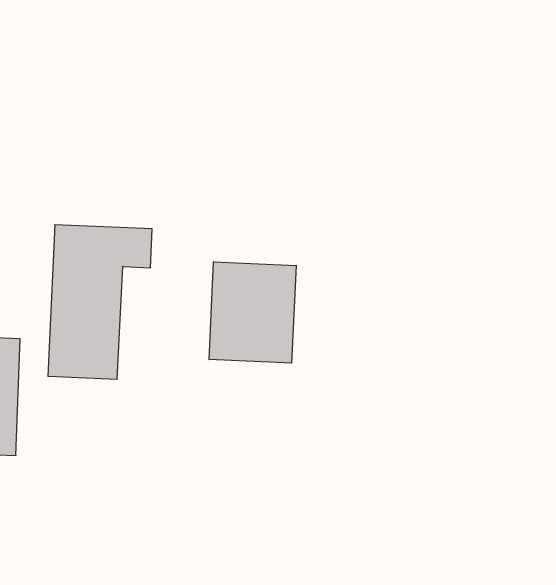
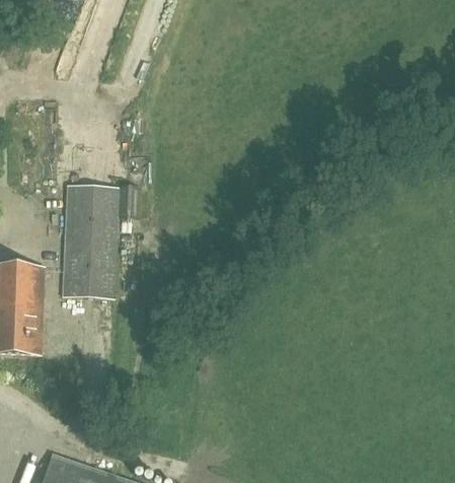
building: [209,262,296,363] -> none

